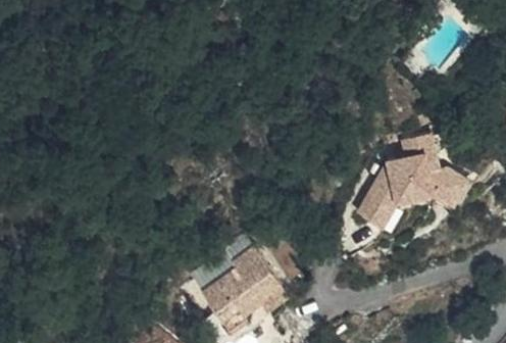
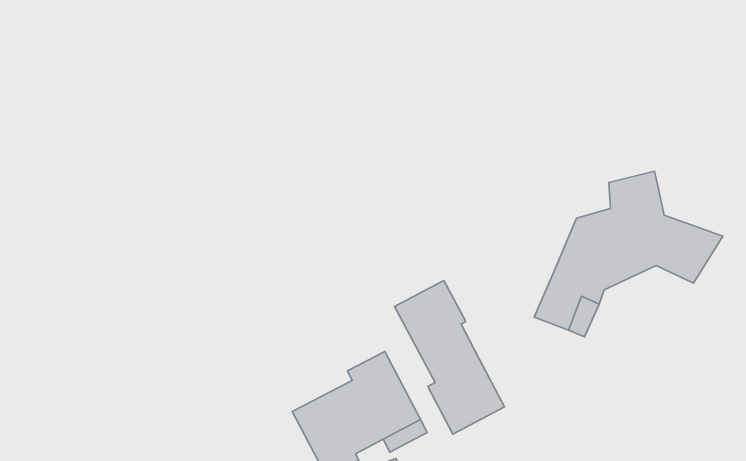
building: none -> [395,281,505,434]

